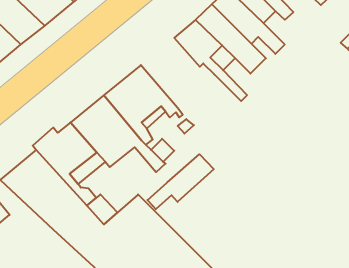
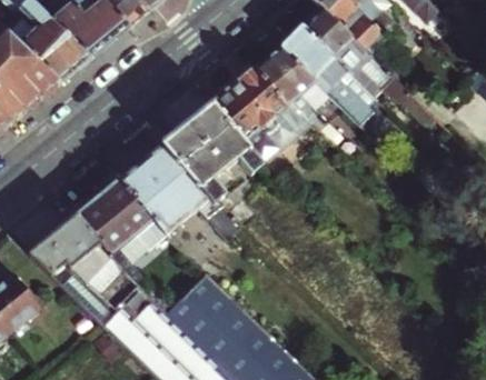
building: none -> [210,67,306,163]
building: [147,154,214,209] -> none

